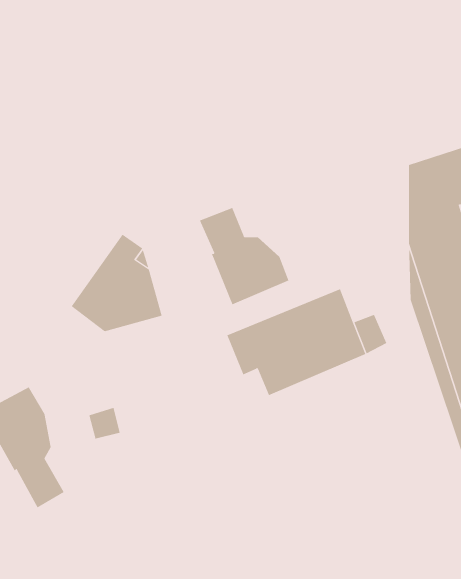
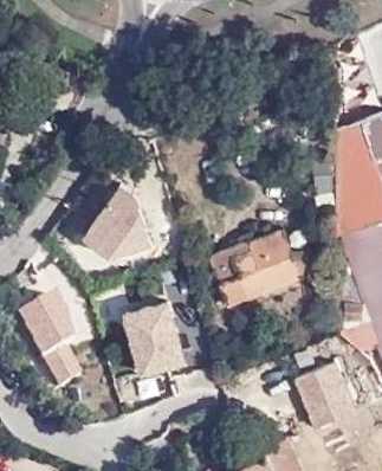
building: [199,207,289,305] -> none
building: none -> [128,301,187,373]
building: none -> [298,362,357,427]

